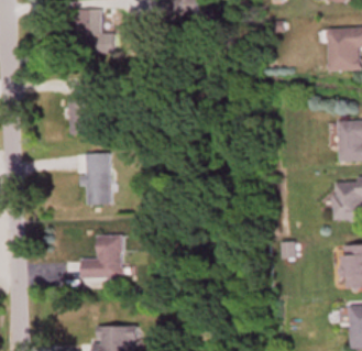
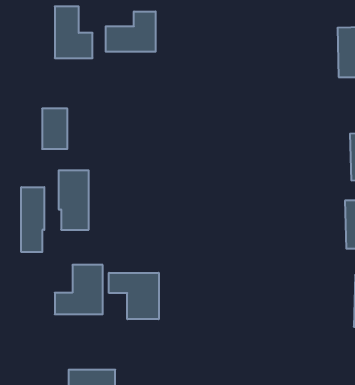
building: none -> [106,11,156,52]
building: none -> [21,187,44,252]
building: none -> [109,273,159,319]

